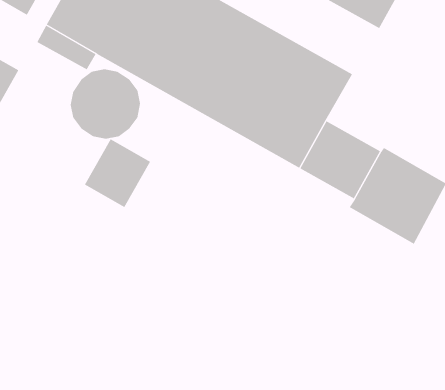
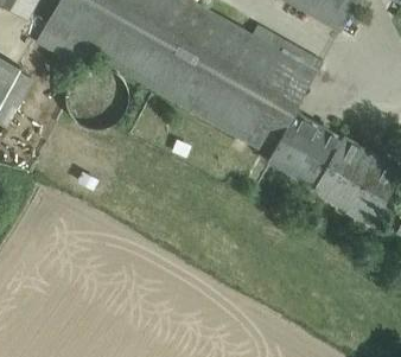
building: [84,138,151,208] -> none

